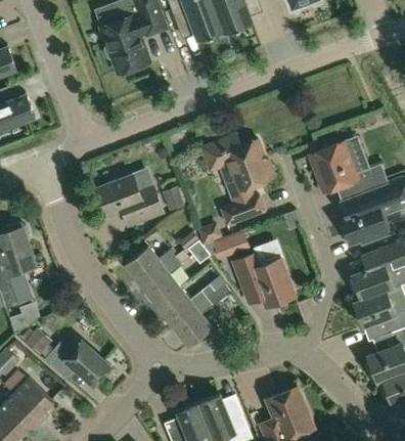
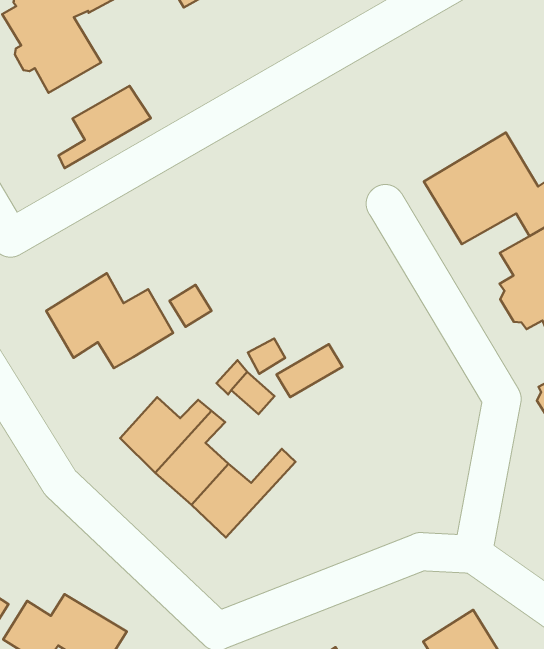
building: none -> [59,86,151,168]
building: [202,135,275,224] -> none
building: [234,253,295,306] -> none
building: [172,283,231,346] -> none

